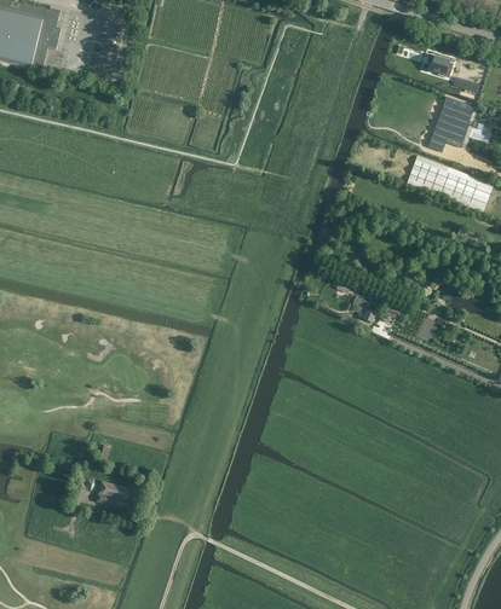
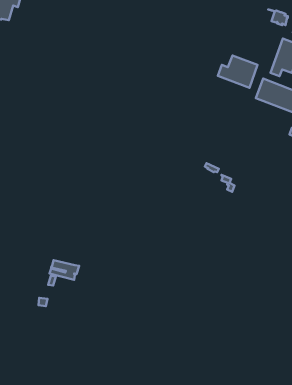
building: none -> [218,55,258,88]
building: [94,480,138,509] -> [50,260,79,280]

